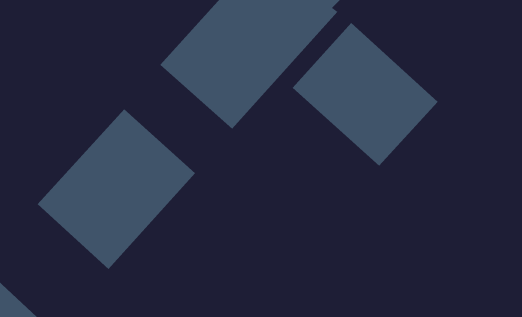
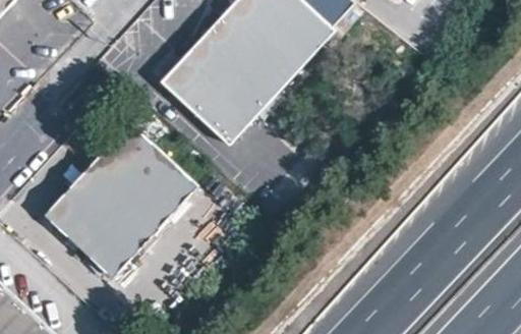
building: [292,22,438,167] -> none

